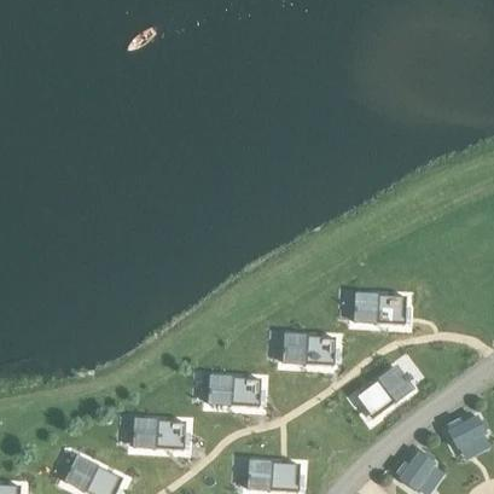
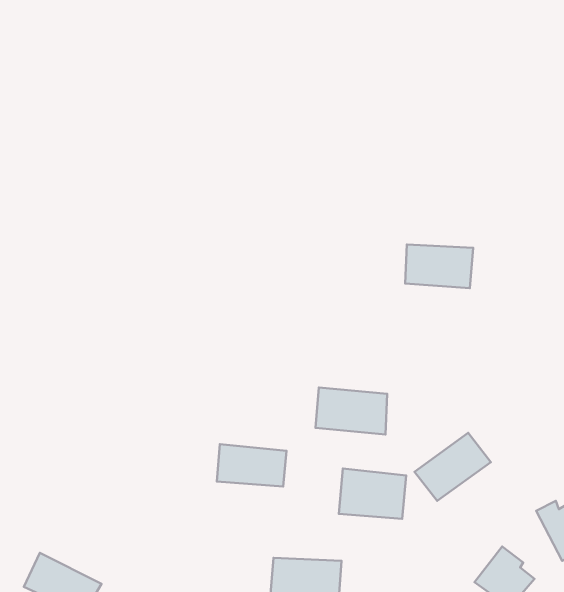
building: [355,292,406,325] -> [405,245,473,288]
building: none -> [339,468,406,519]
building: [130,418,185,449] -> none

